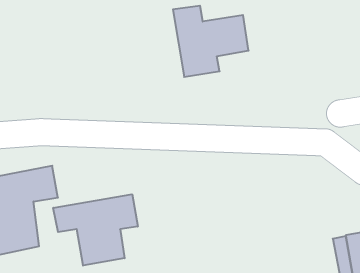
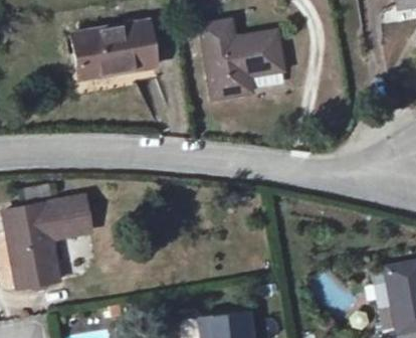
building: none -> [74,21,157,78]
building: [53,194,138,266] -> none

